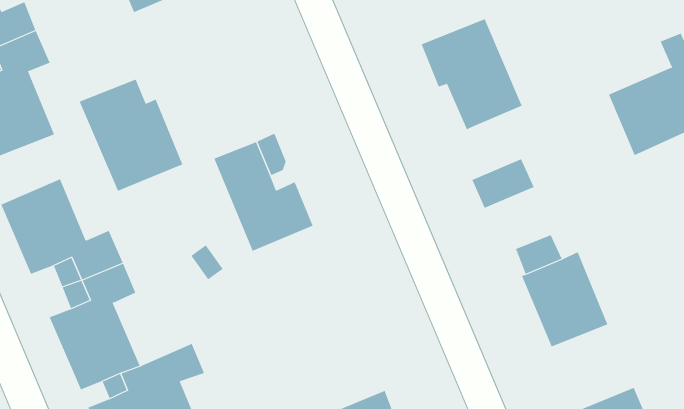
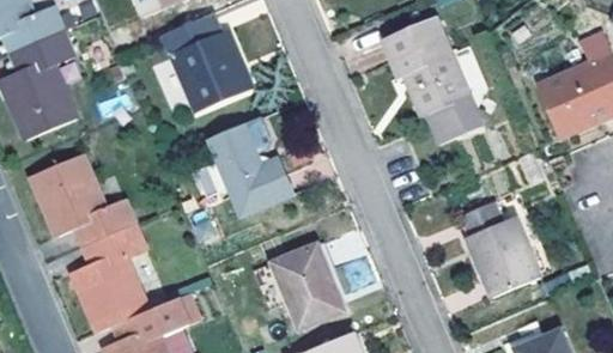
building: [79,79,183,192] -> [162,13,249,108]
building: [471,158,534,208] -> [425,93,478,135]
building: none -> [272,244,342,327]

